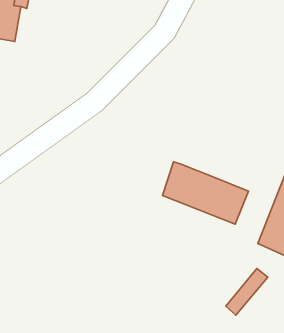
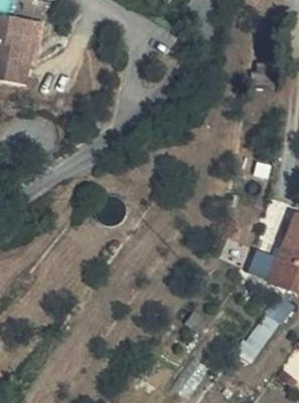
building: [163,162,248,224] -> none

